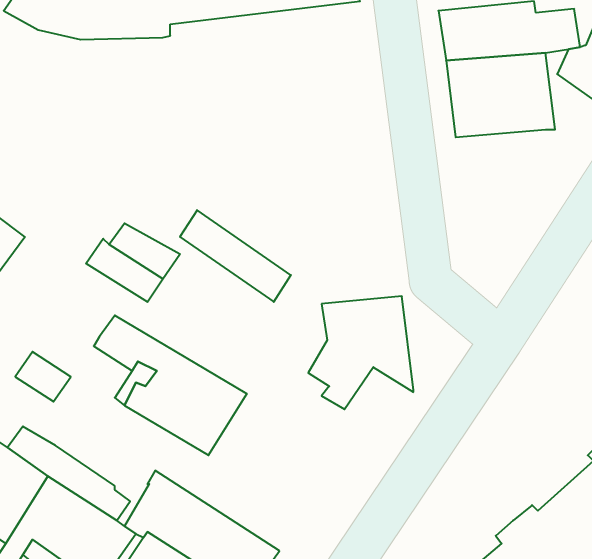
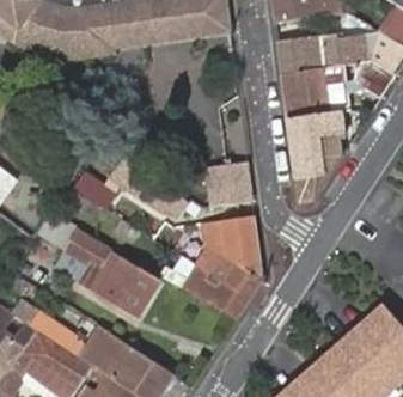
building: none -> [288,112,347,199]
building: none -> [206,161,251,208]
building: none -> [181,261,262,317]

